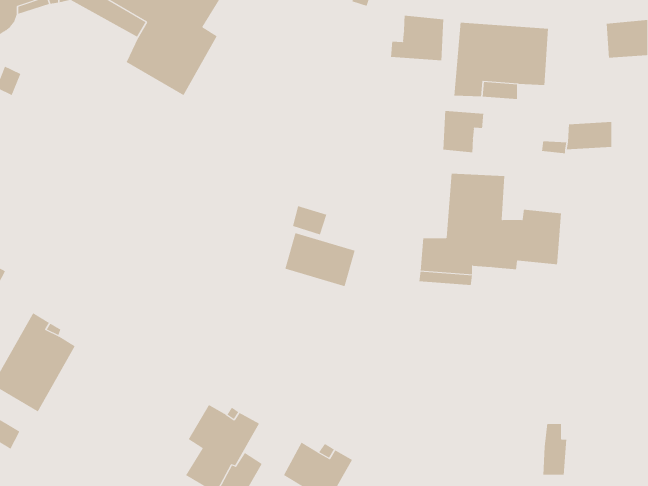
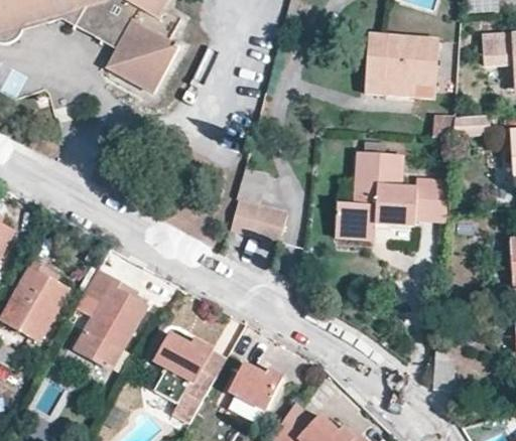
building: [390,15,444,61] -> none
building: [443,110,484,153] -> none
building: none -> [76,268,150,366]

